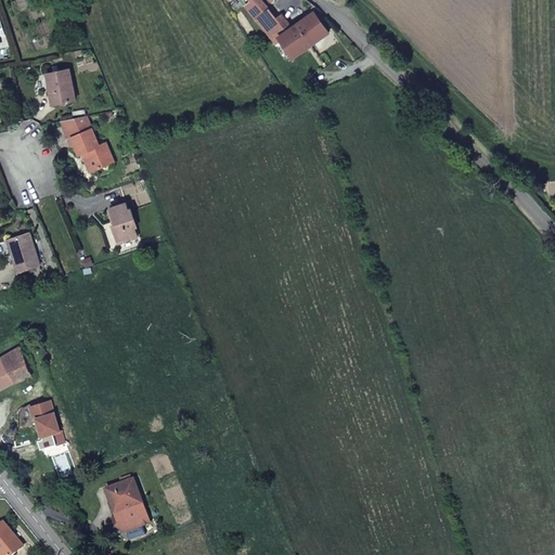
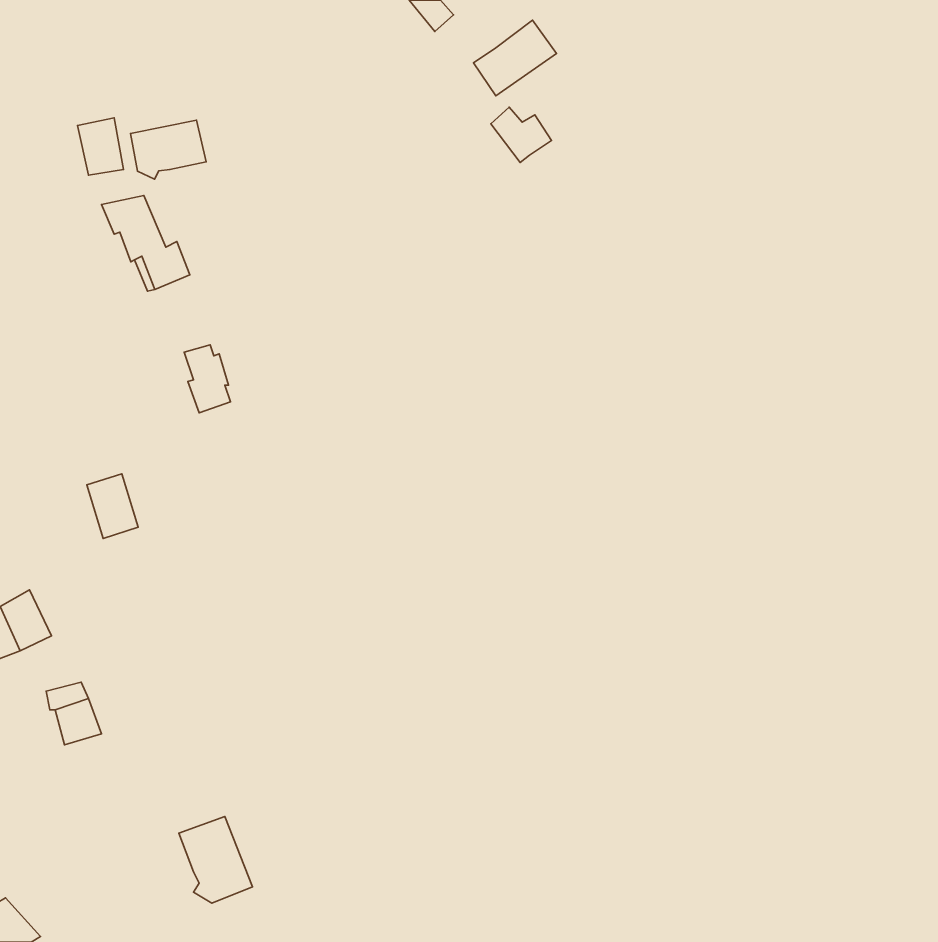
building: [256,9,292,41] -> [491,107,552,163]
building: none -> [130,120,206,179]
building: [7,233,37,271] -> [87,474,138,538]

